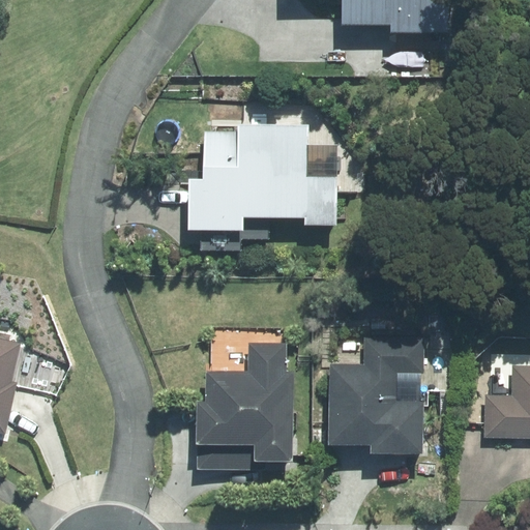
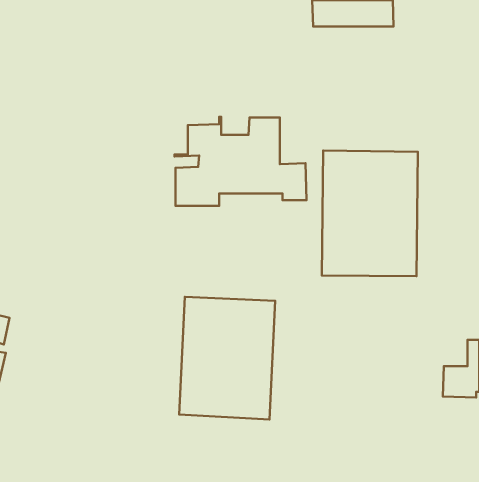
building: none -> [322,150,418,276]
building: [329,326,430,455] -> none

